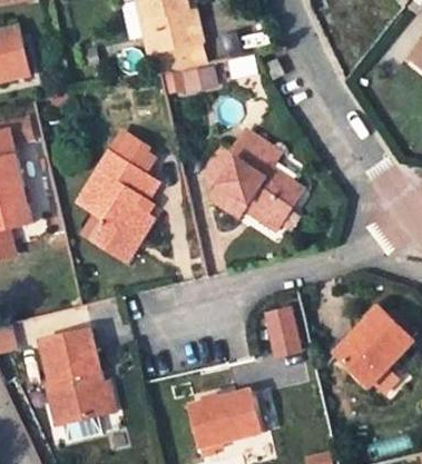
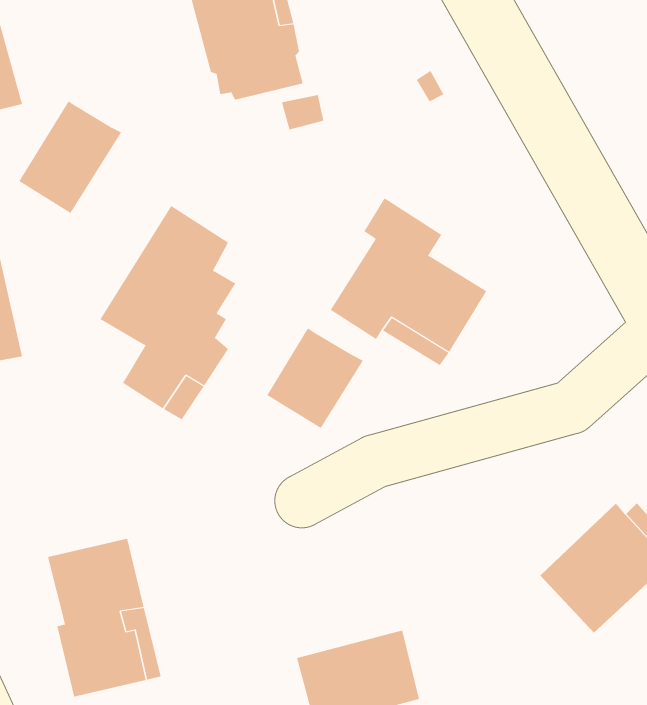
building: none -> [18,100,122,214]
building: none -> [267,328,363,429]
building: [274,303,310,352] -> none

